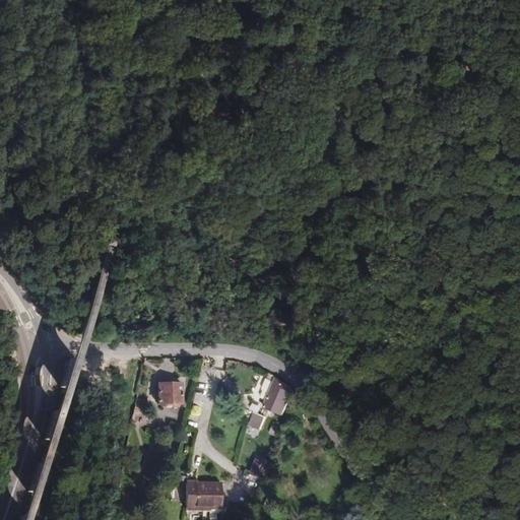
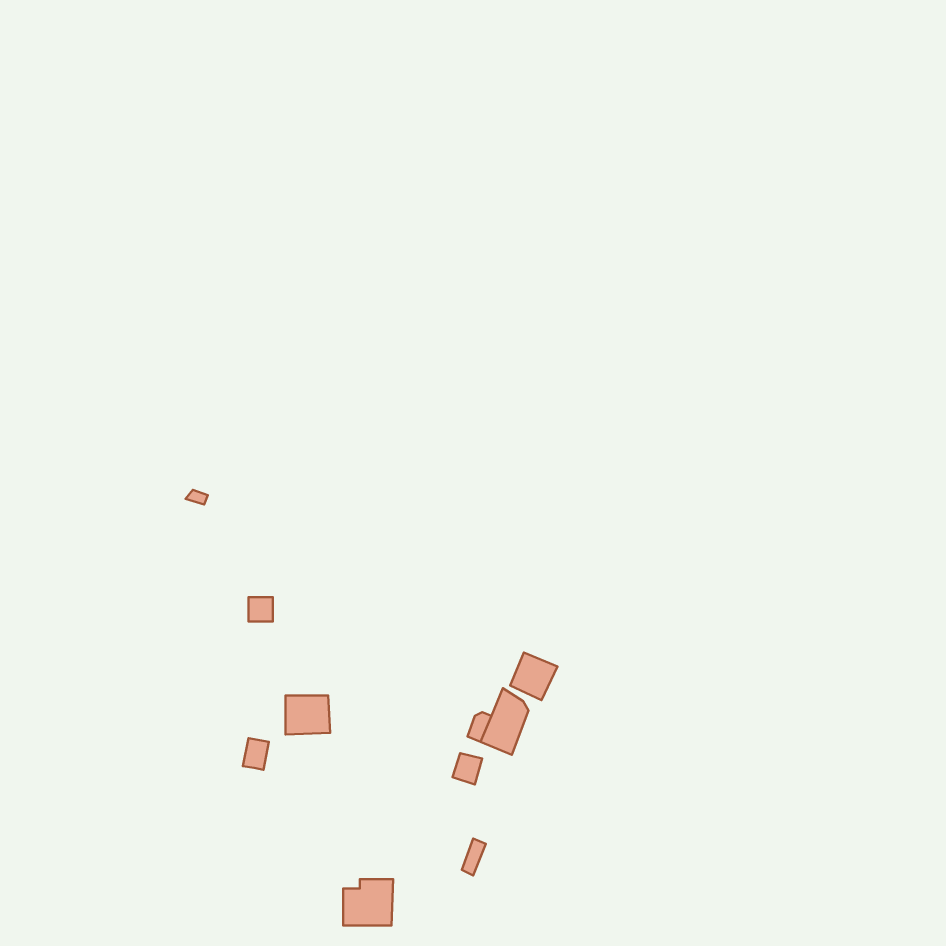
building: none -> [510,652,558,700]

